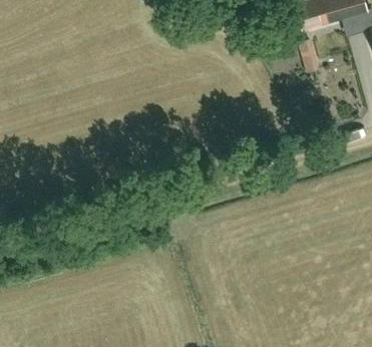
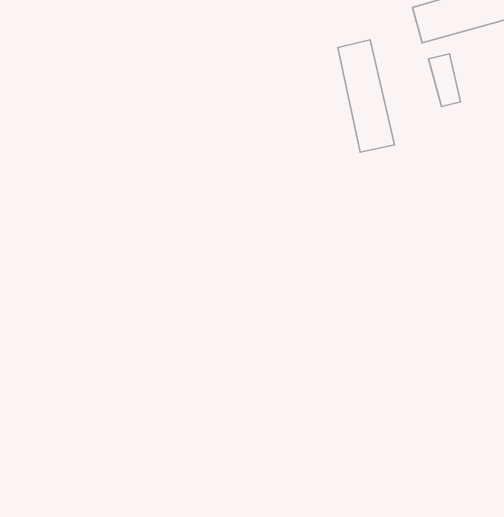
building: none -> [338,40,395,152]

